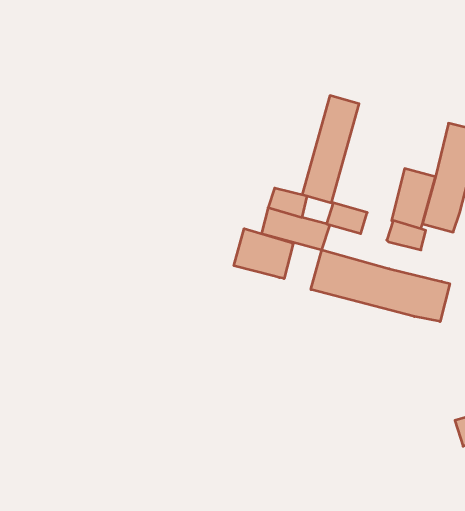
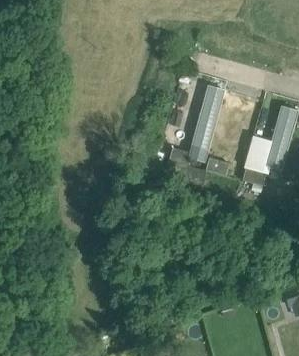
building: [234,229,294,279] -> none
building: [311,250,450,322] -> none

